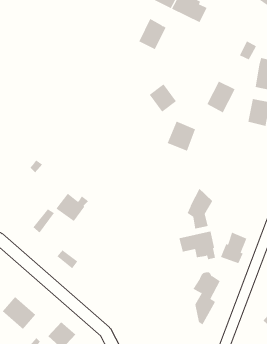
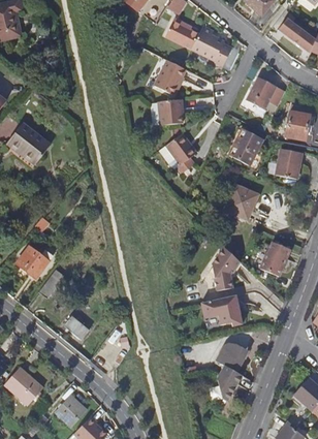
building: none -> [247,74,276,106]
building: none -> [158,98,184,125]
building: none -> [8,122,50,162]
building: [167,121,196,152] -> [225,184,257,218]
building: [55,193,89,222] -> [15,245,53,277]
building: [220,232,247,264] -> [259,240,289,275]

